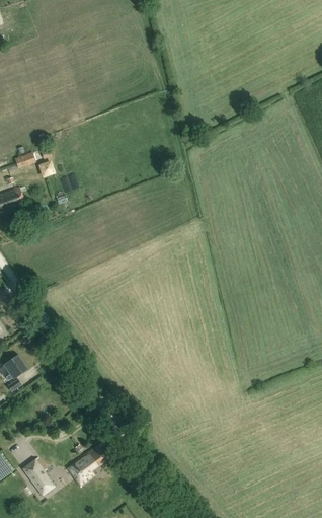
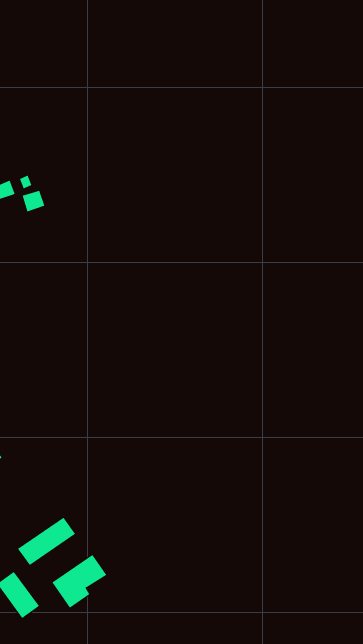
building: none -> [17,517,76,566]

